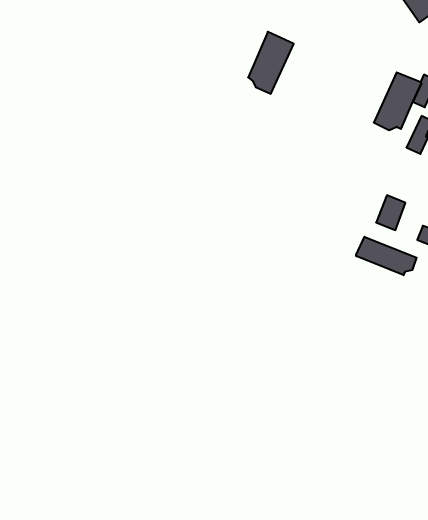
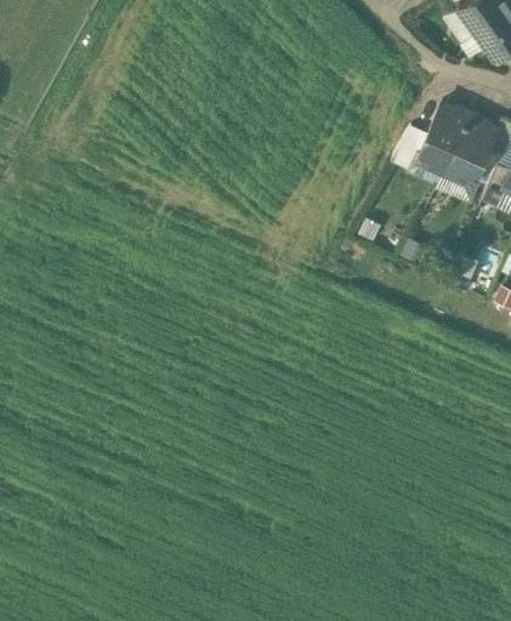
building: [248,32,294,94] -> [419,104,470,173]
building: [356,237,417,275] -> none

